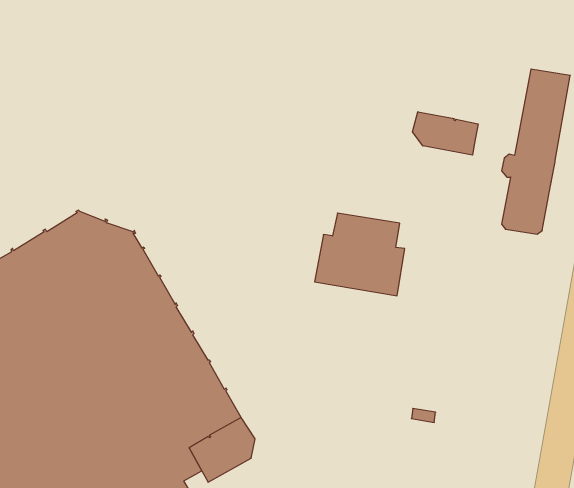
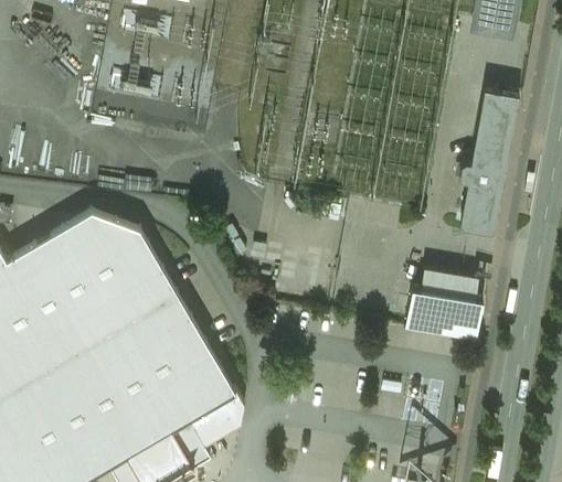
building: [413,112,478,155] -> none
building: [315,213,405,296] -> [404,271,483,343]

